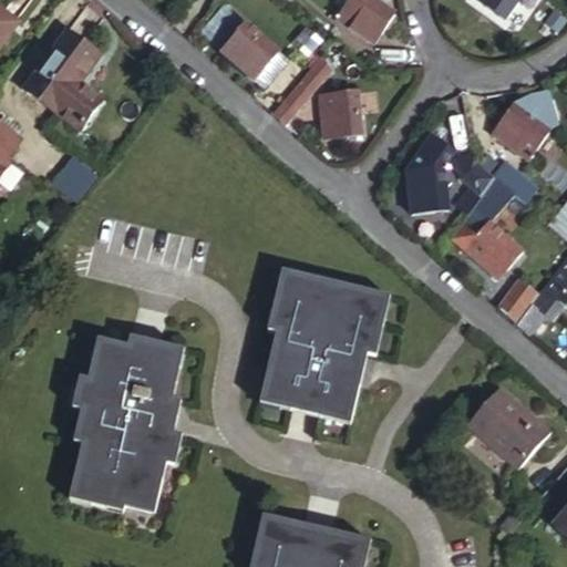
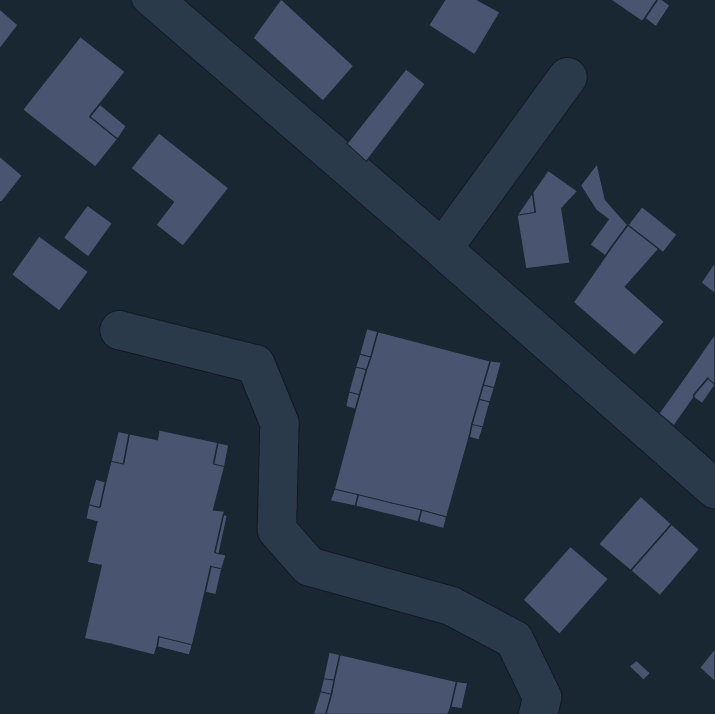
building: [492,89,558,159] -> none
building: [323,91,362,140] -> none
building: none -> [131,133,229,246]
building: none -> [11,236,88,311]
building: [498,280,542,326] -> none
building: none -> [523,546,609,634]

